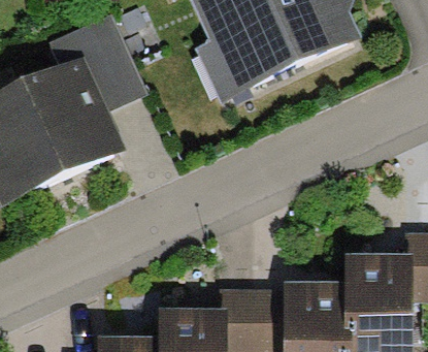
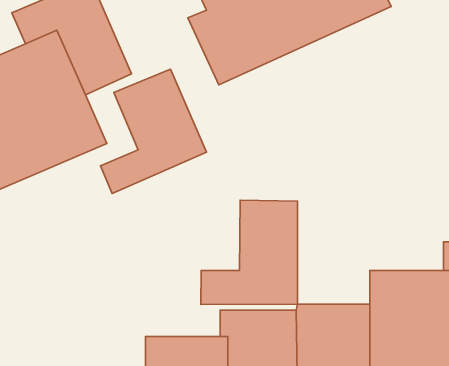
building: none -> [101,69,207,194]
building: none -> [201,200,298,304]

